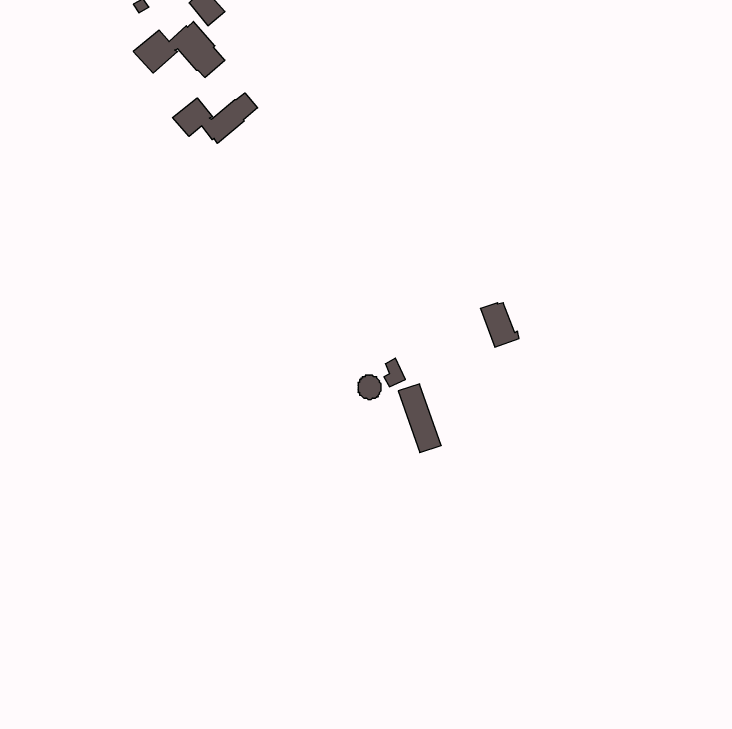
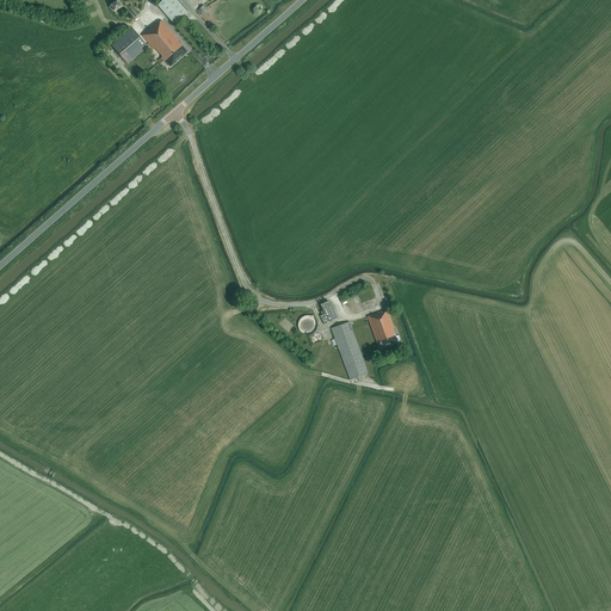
building: [173,93,258,143] -> none
building: [480,303,519,347] -> [368,309,400,346]

